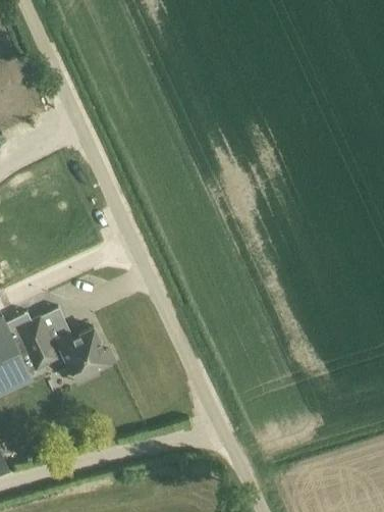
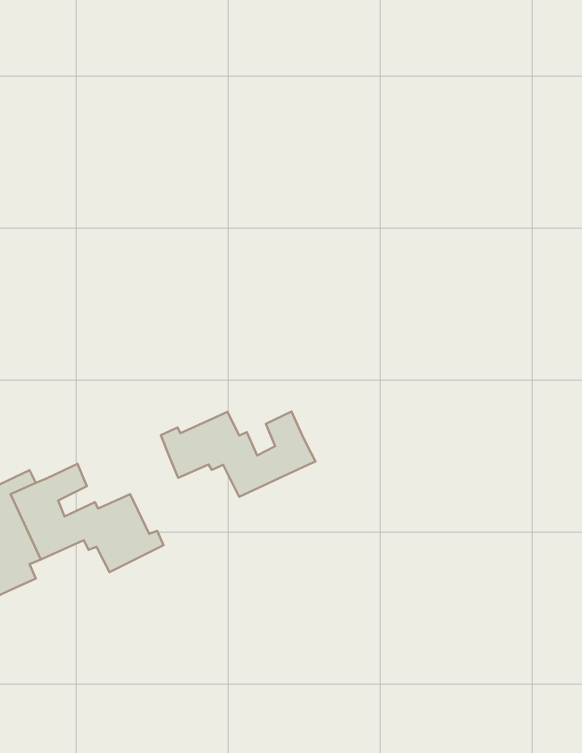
building: none -> [161,411,315,497]

